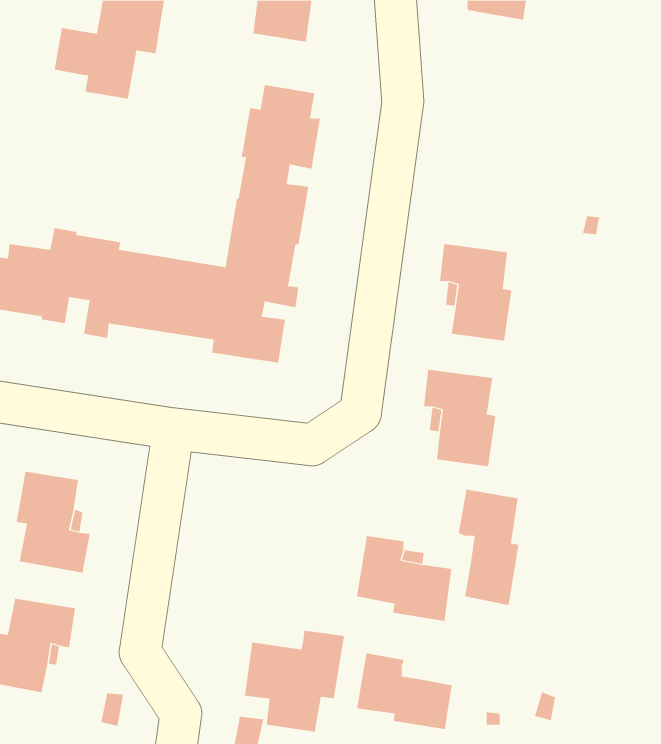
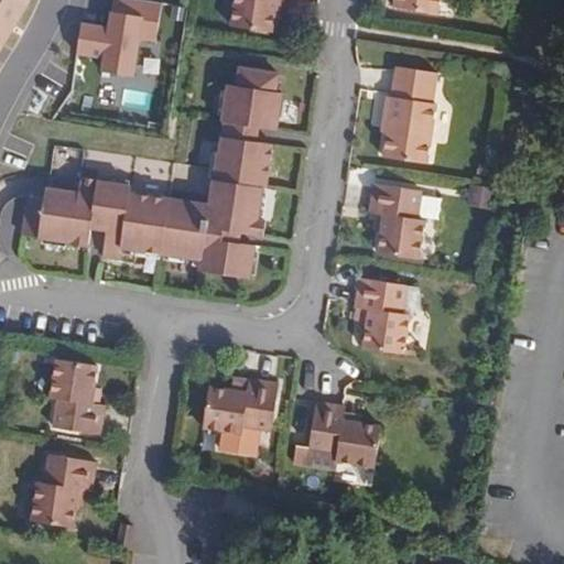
building: none -> [380,67,434,164]
building: [458,489,519,606] -> none
building: [244,630,345,732] -> [203,383,279,460]
building: [357,653,452,730] -> none

